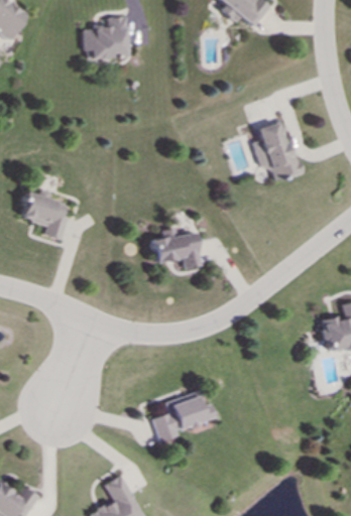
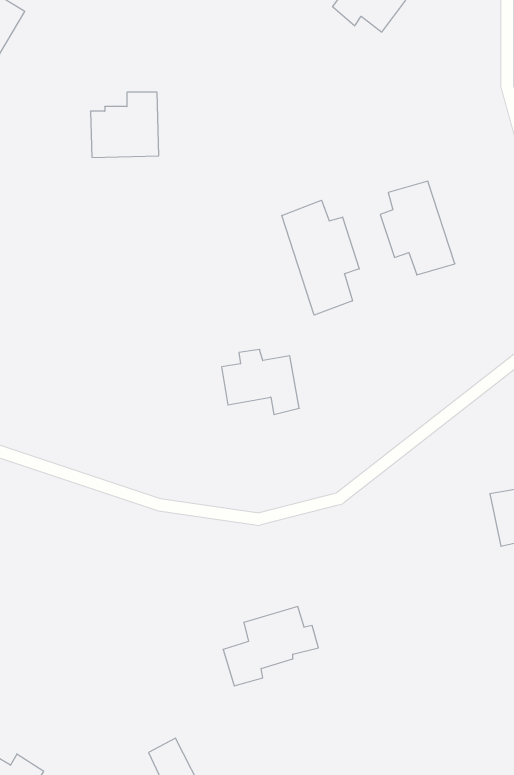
building: [84,17,127,58] -> [90,92,159,157]
building: none -> [282,200,359,315]
building: [20,191,67,239] -> none

